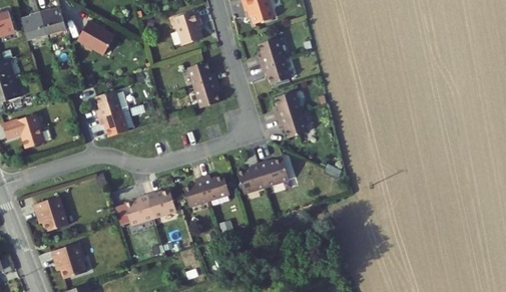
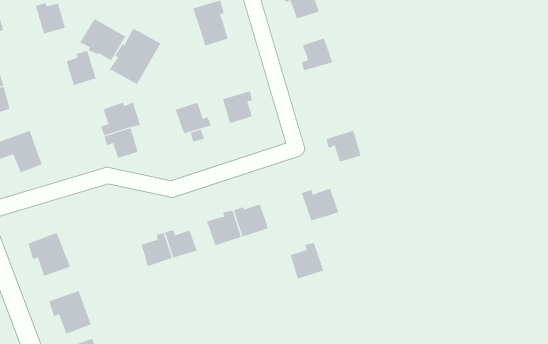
building: [23,12,48,41] -> [66,50,97,86]
building: none -> [109,28,161,85]
building: [260,58,290,84] -> none
building: [186,62,216,88] -> [175,102,212,134]
building: [275,93,301,120] -> none
building: [237,165,266,195] -> [290,242,324,279]

